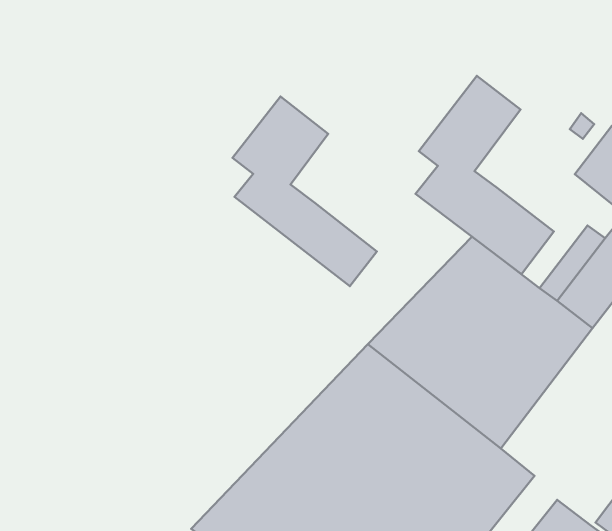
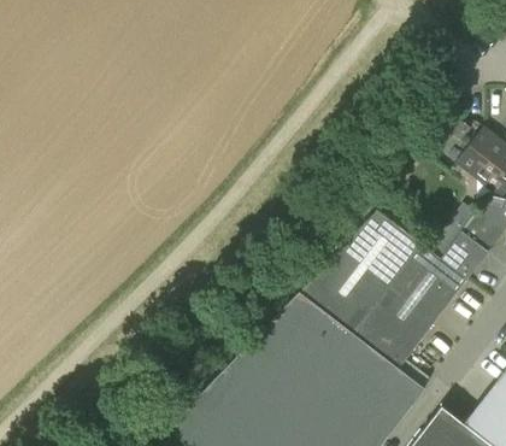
building: [416,76,554,274] -> none
building: [233,97,377,286] -> none

